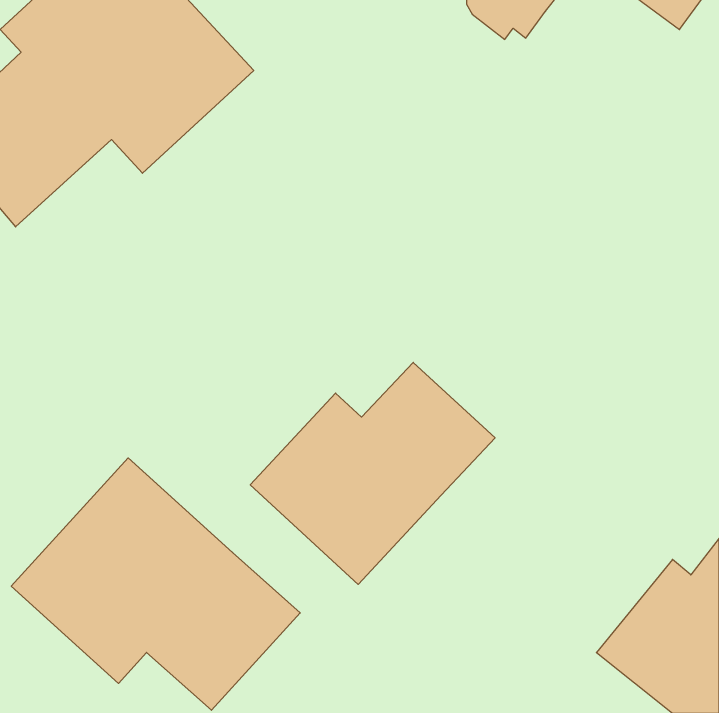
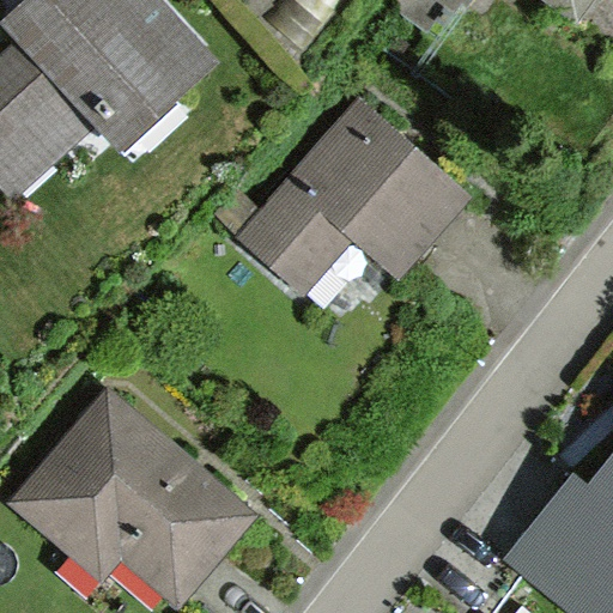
building: none -> [241,102,472,293]
building: [250,362,495,584] -> none

